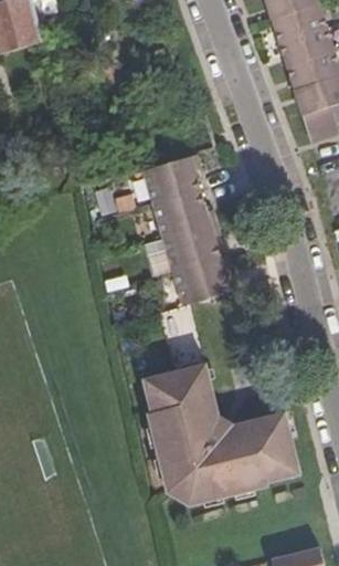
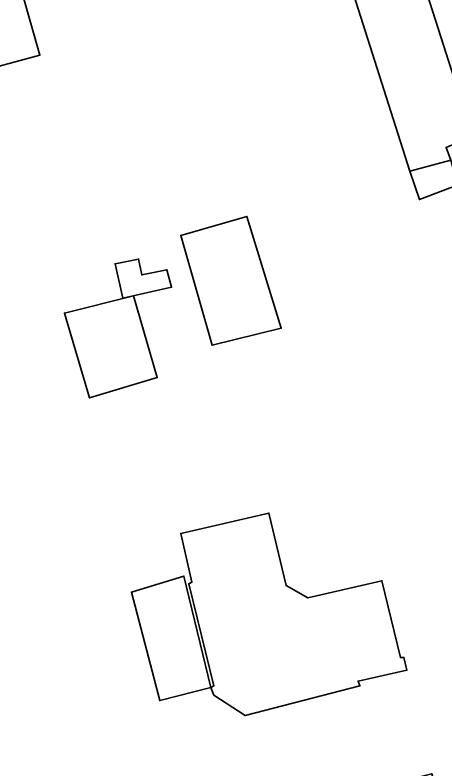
building: [165,233,230,305] -> [64,296,157,398]
building: none -> [132,576,211,701]

